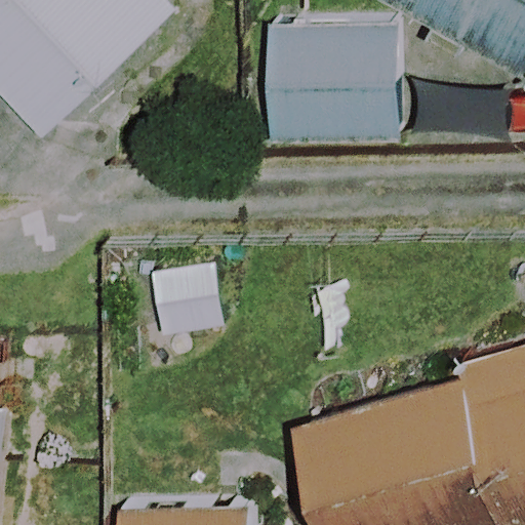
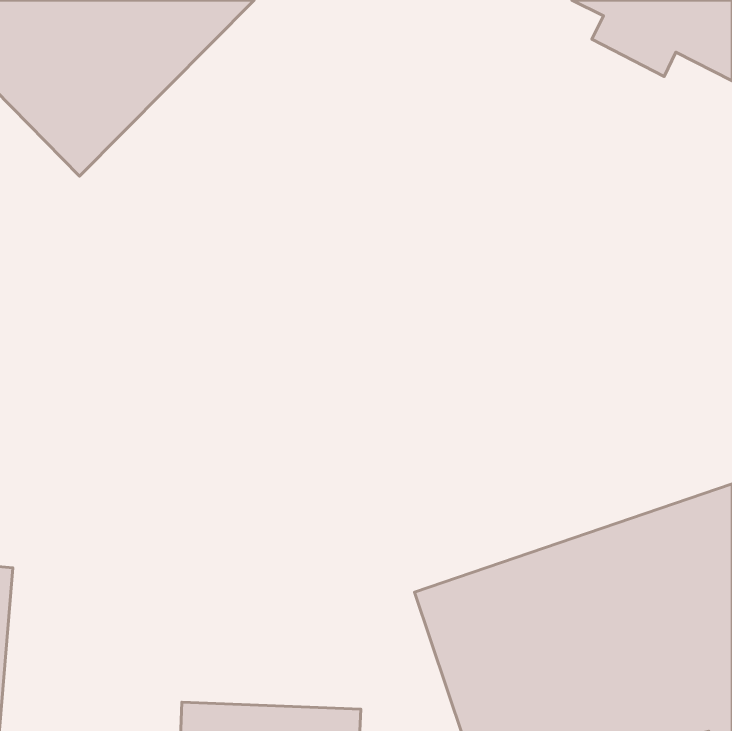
building: [264,18,403,137] -> none

